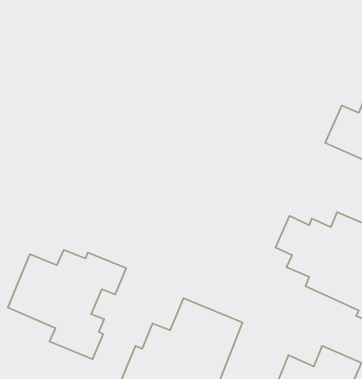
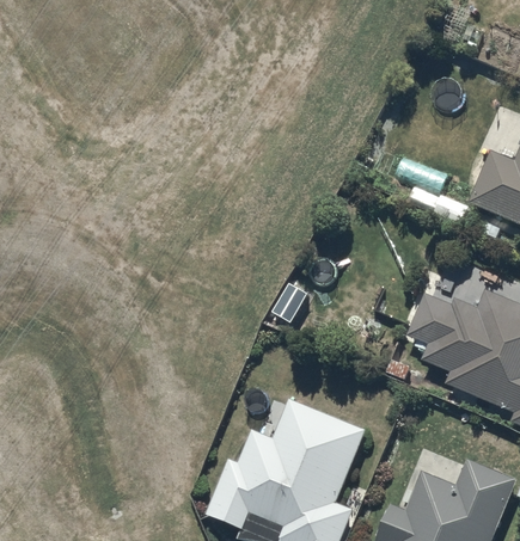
building: [8,250,126,359] -> none

